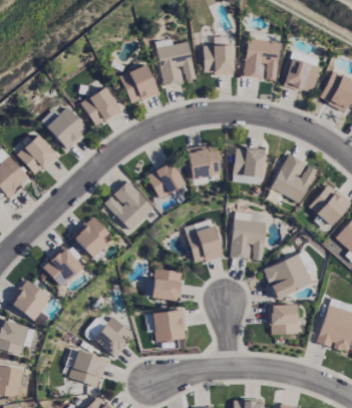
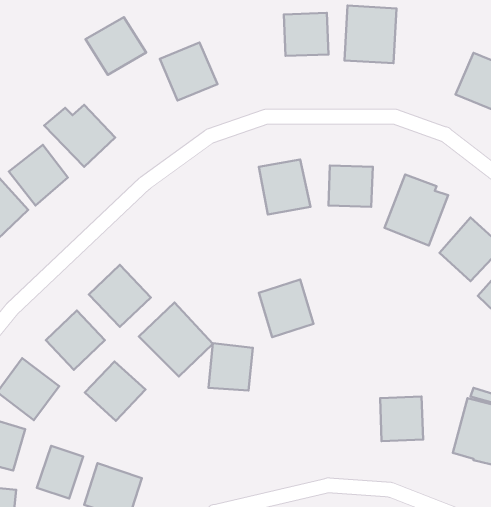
building: [156,41,196,85] -> none
building: [285,60,319,92] -> none
building: [80,87,121,126] -> [86,17,146,75]
building: [146,160,185,198] -> none
building: [103,180,153,231] -> [139,302,213,377]
building: [231,212,267,261] -> none
building: [264,252,316,298] -> none
building: [152,309,187,343] -> none
building: [93,317,134,357] -> [85,361,145,421]
building: none -> [37,446,83,499]

